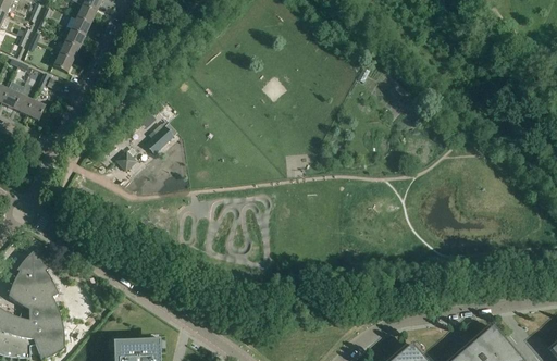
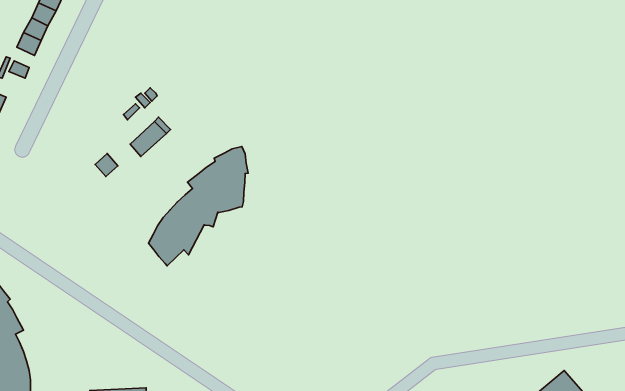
building: none -> [149,147,248,266]

